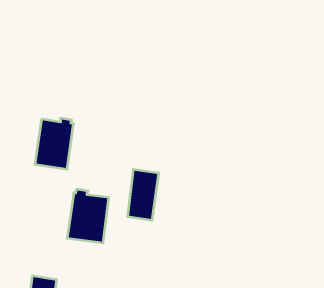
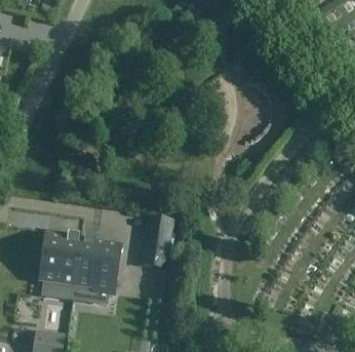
building: [35,118,74,169] -> [39,233,81,288]

